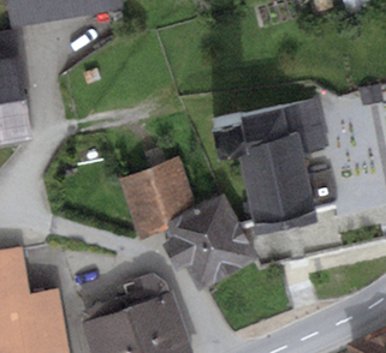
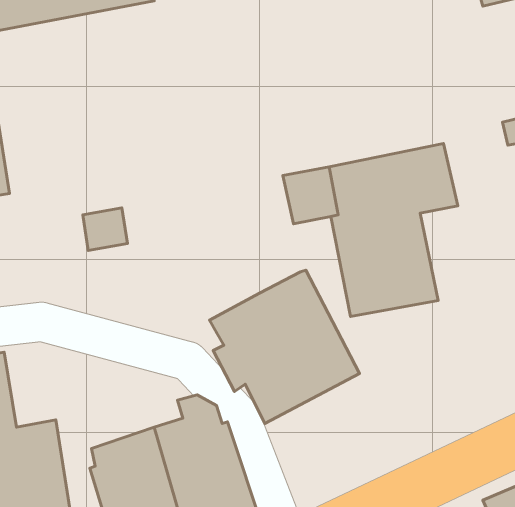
building: [119,156,195,241] -> none

